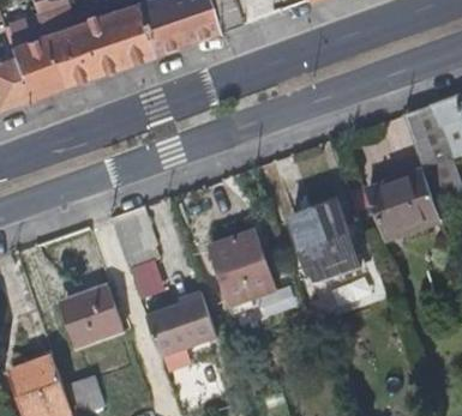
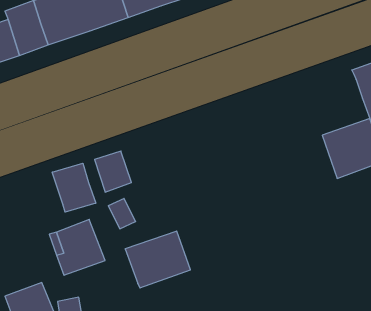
building: [292,201,361,283] -> none
building: none -> [52,163,96,212]
building: [212,231,275,303] -> none

